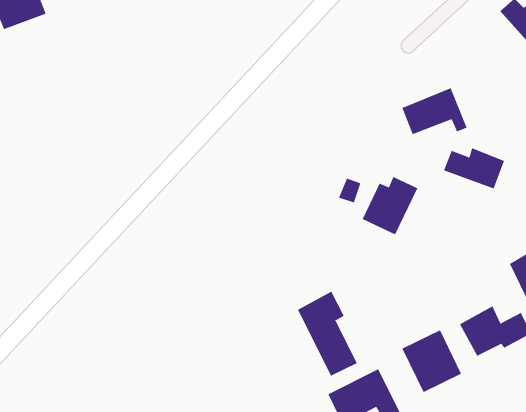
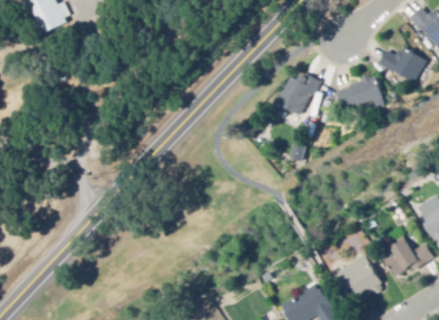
building: [443,148,505,189] -> [379,48,425,79]
building: [362,176,418,235] -> [277,71,319,116]
building: [297,291,358,376] -> none

